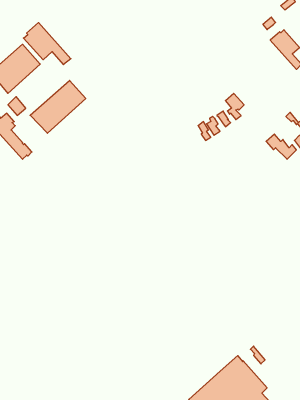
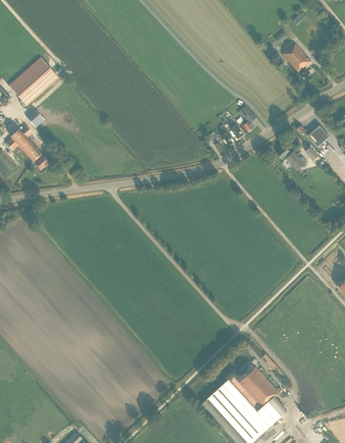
building: [23,23,71,65] -> none
building: [30,80,86,133] -> none

